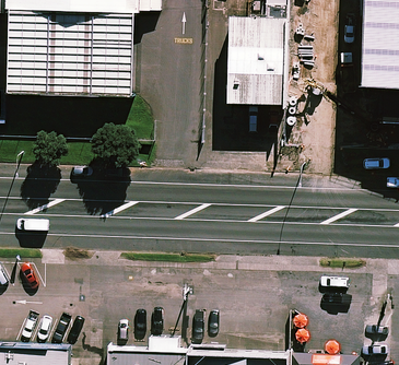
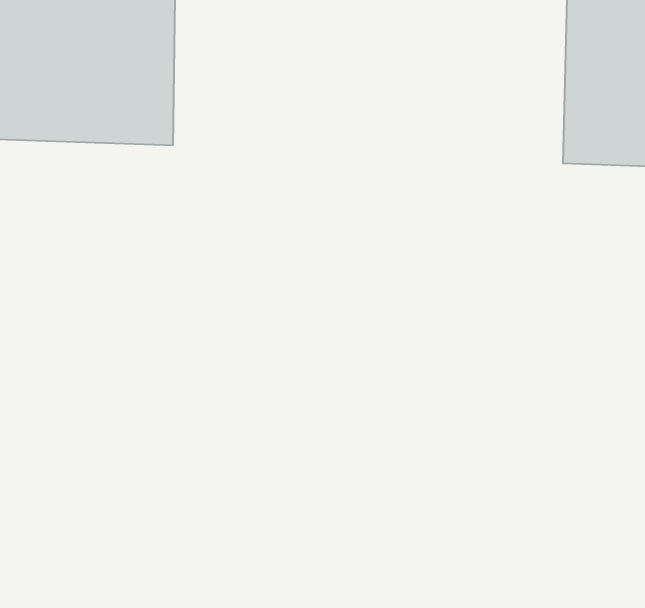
building: [222,14,281,105] -> none

